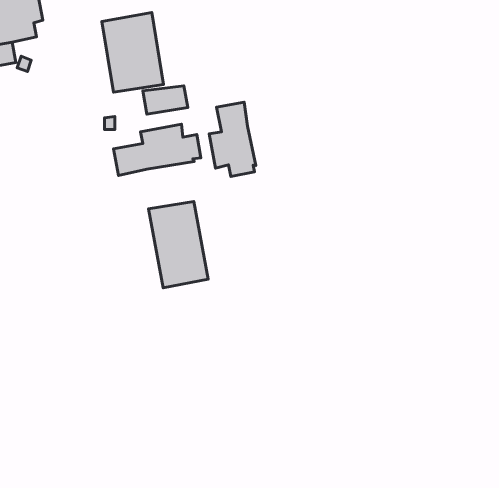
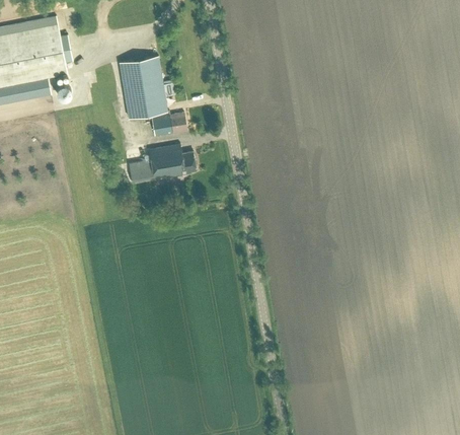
building: [209,102,256,176] -> none
building: [148,201,208,288] -> none

